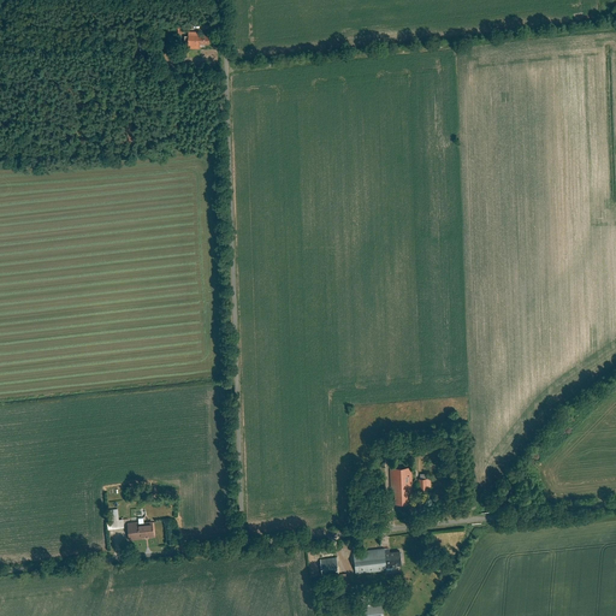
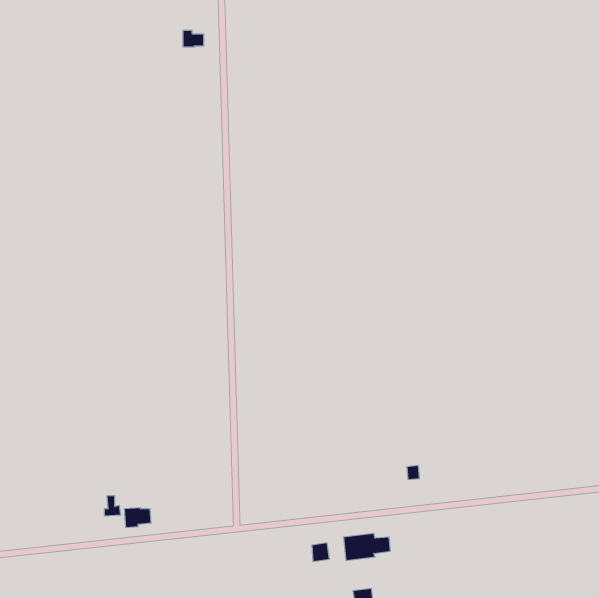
building: [390,468,411,505] -> none

